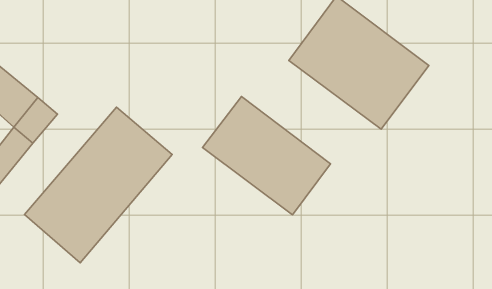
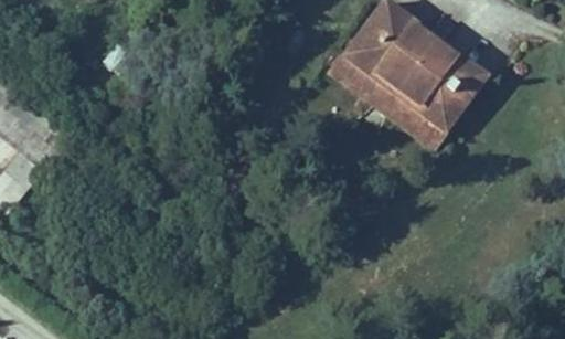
building: [202,96,331,215] -> none
building: [25,107,172,263] -> none

